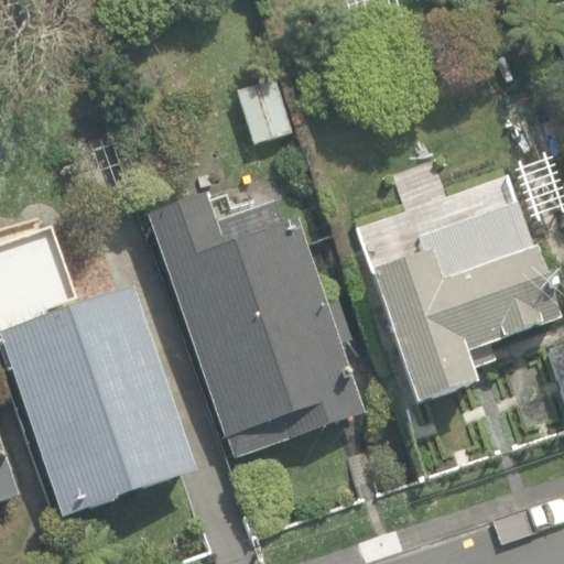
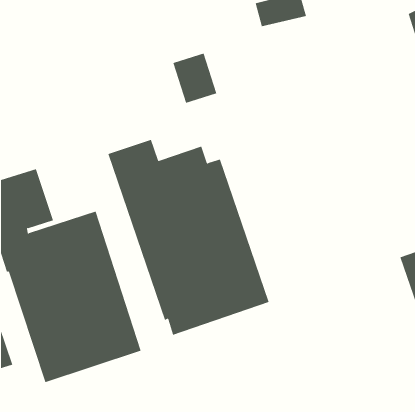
building: [369,196,557,398] -> none

